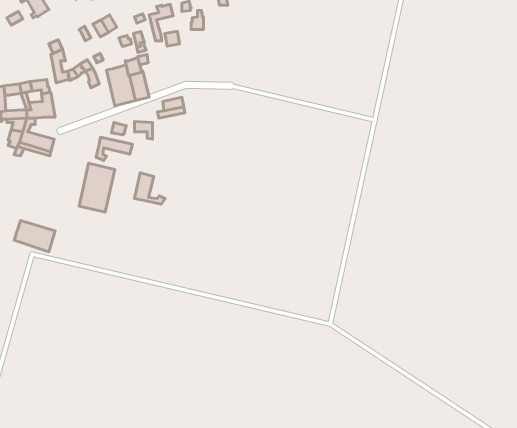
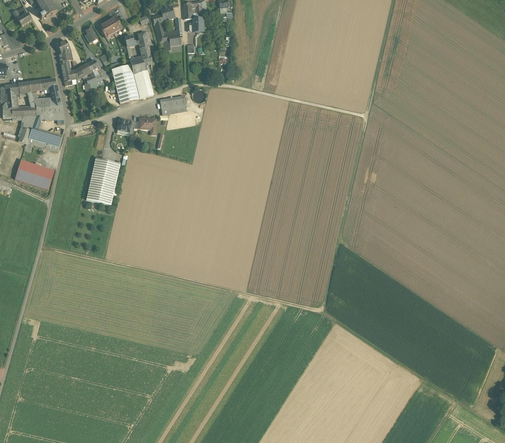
building: [96,137,133,161] -> none
building: [134,173,165,204] -> none
building: [14,220,55,252] -> [14,159,53,189]

